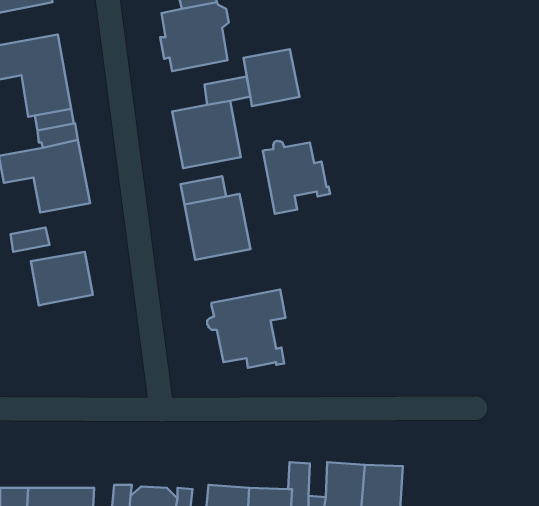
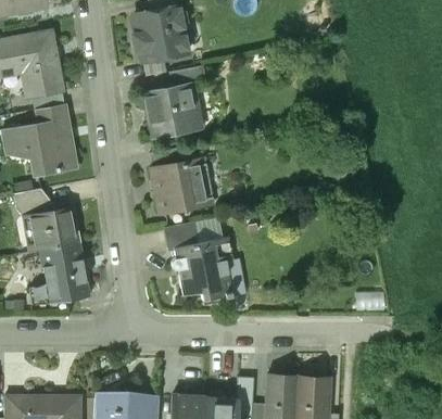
building: [244,49,300,106] -> none
building: [263,141,330,214] -> none
building: none -> [165,223,198,252]
building: none -> [40,242,90,304]

